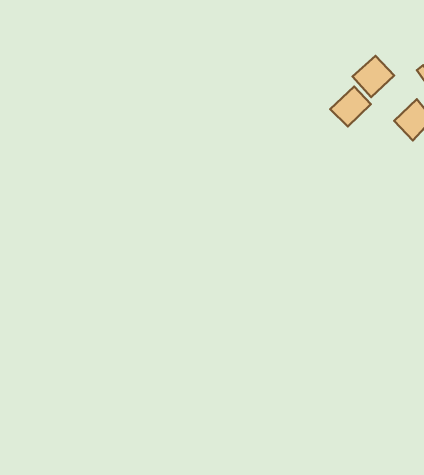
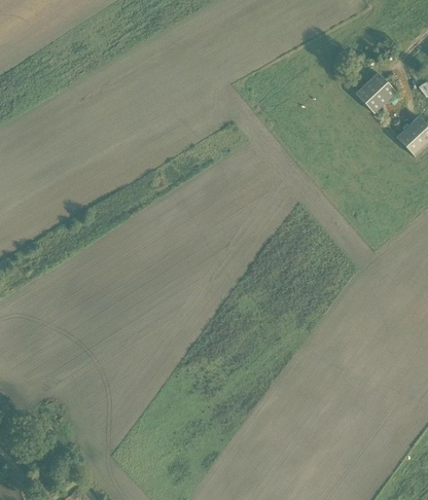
building: [330,87,371,127] -> none

